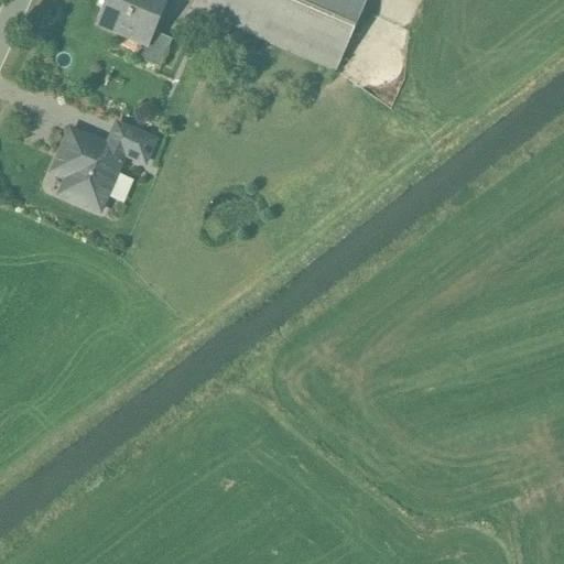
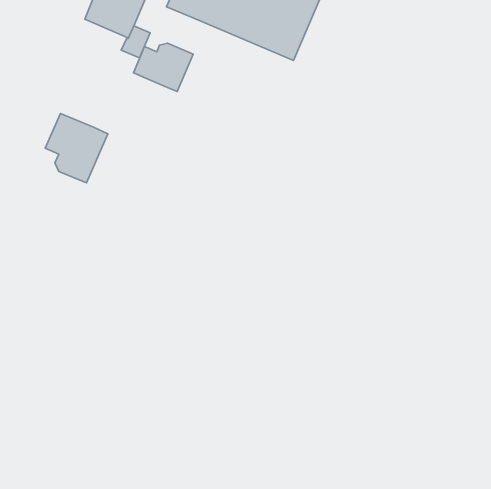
building: none -> [134,43,193,91]
building: [108,124,154,162] -> none

